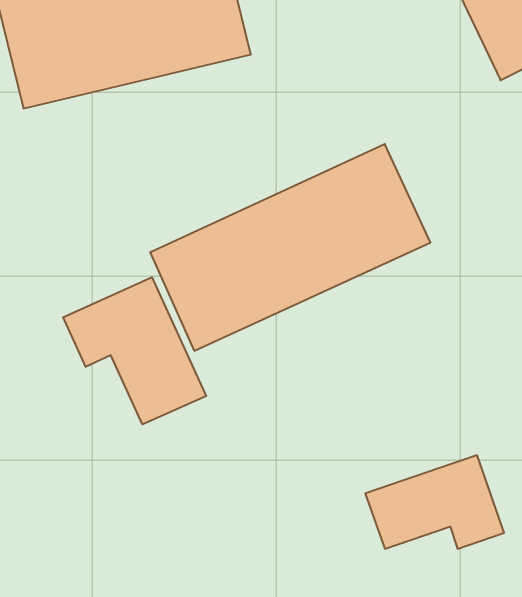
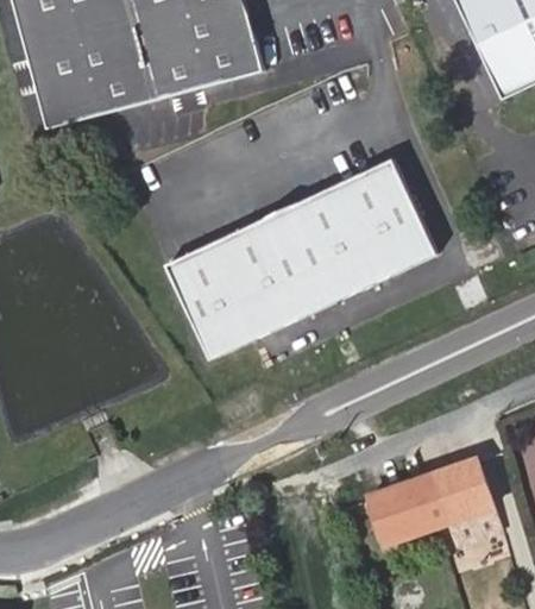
building: [63,277,206,424] -> none

